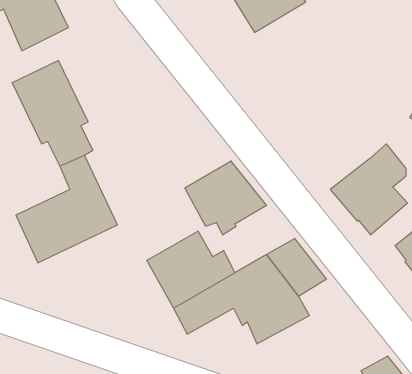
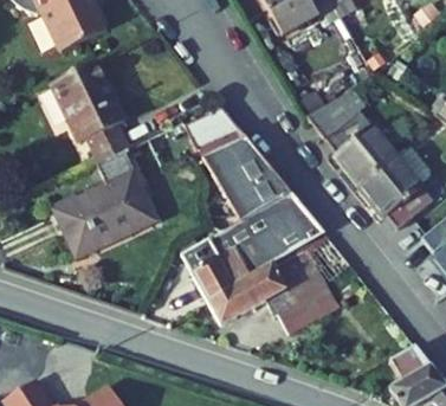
building: none -> [306,89,397,185]
building: none -> [185,107,264,183]
building: none -> [232,200,325,265]

